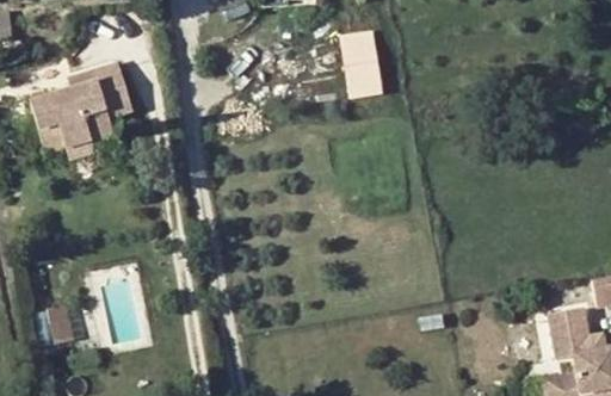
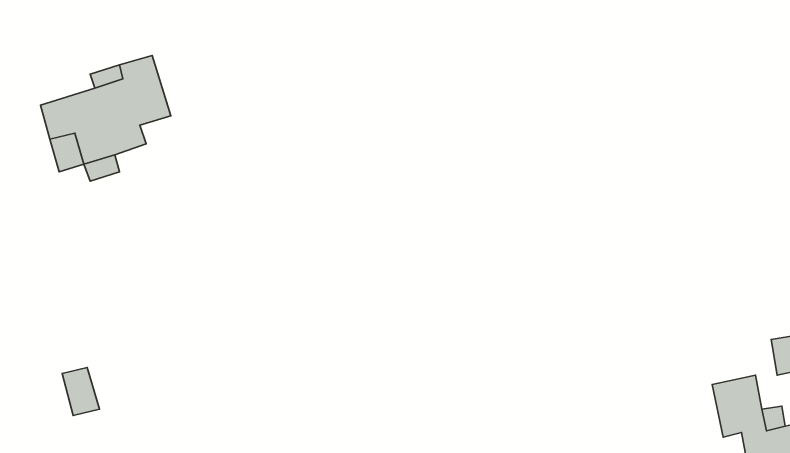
building: [341,26,388,98] -> none

